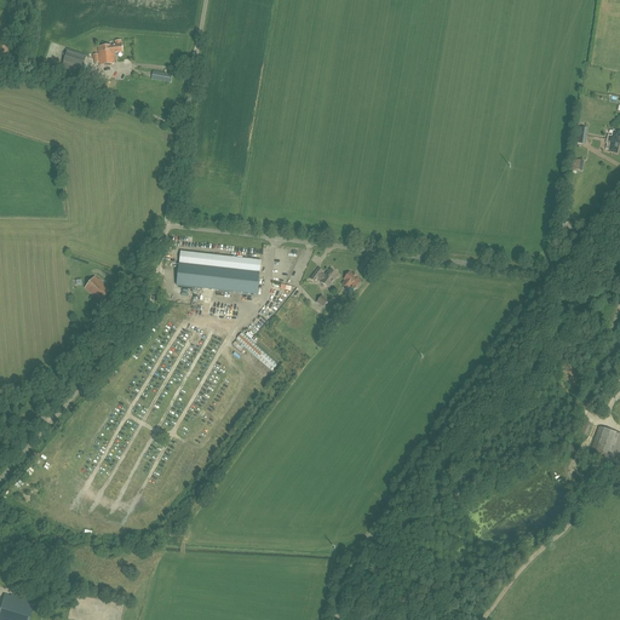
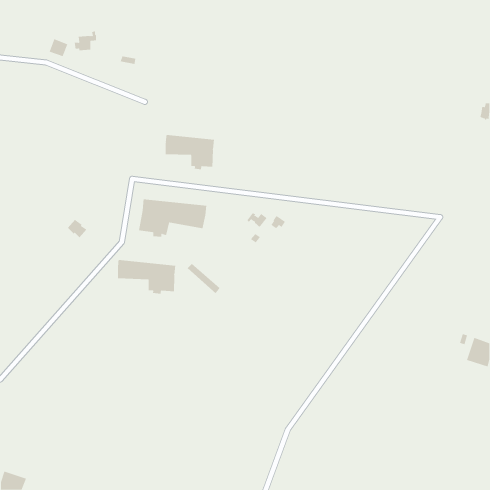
building: none -> [165,134,215,170]
building: none -> [117,259,176,294]

